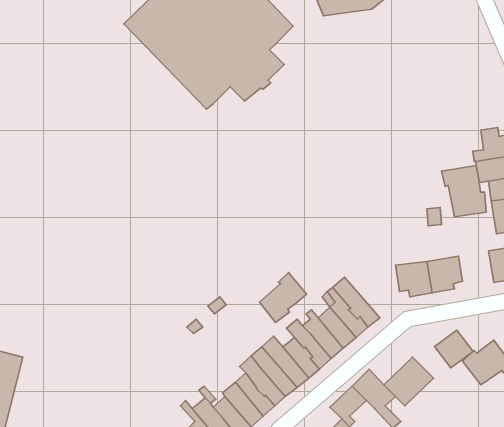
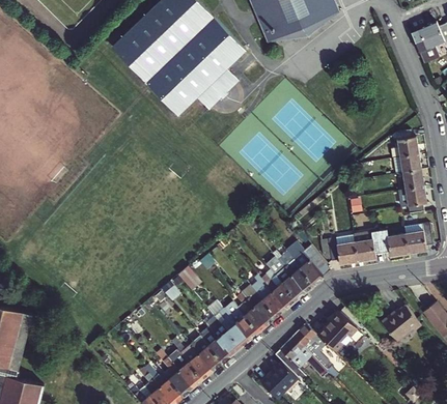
building: [441,165,486,217] -> none
building: none -> [376,233,404,258]
building: none -> [294,247,329,283]
building: [259,273,306,322] -> none
building: [435,330,473,368] -> none

